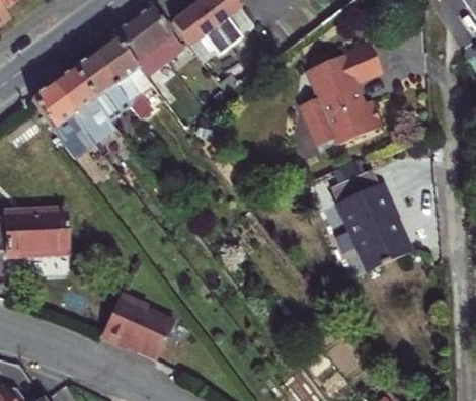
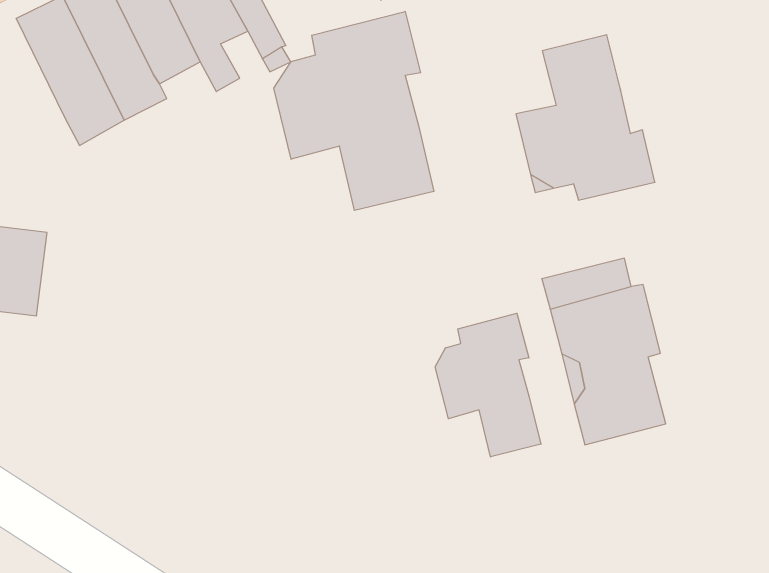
building: [341,42,383,81] -> none
building: none -> [274,11,434,210]
building: none -> [435,313,541,457]
building: [100,293,174,360] -> none

